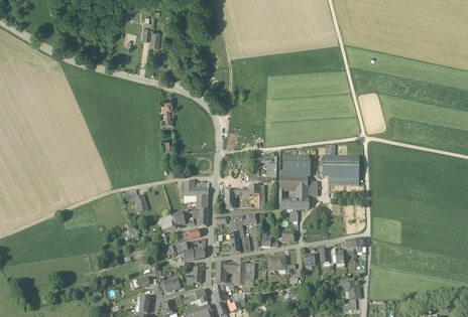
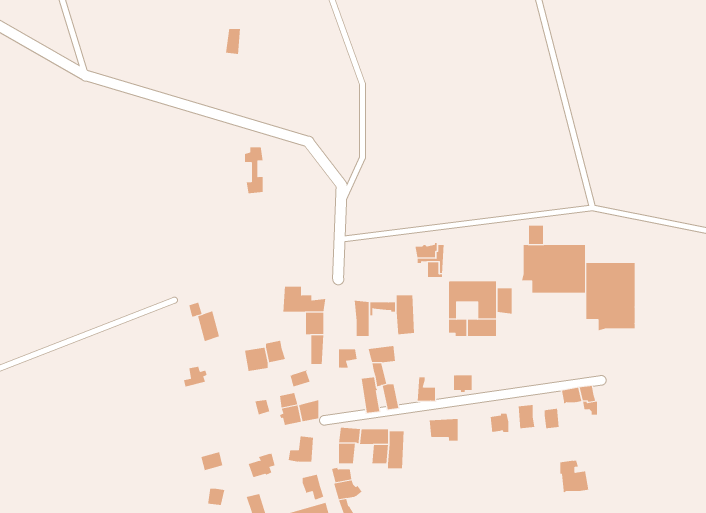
building: [280,157,308,177] -> none
building: none -> [586,262,635,331]

